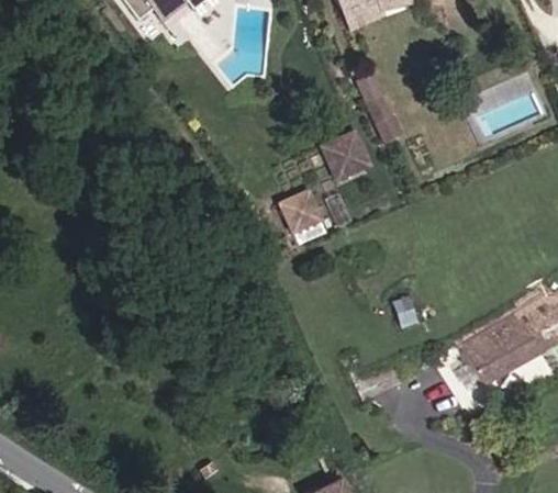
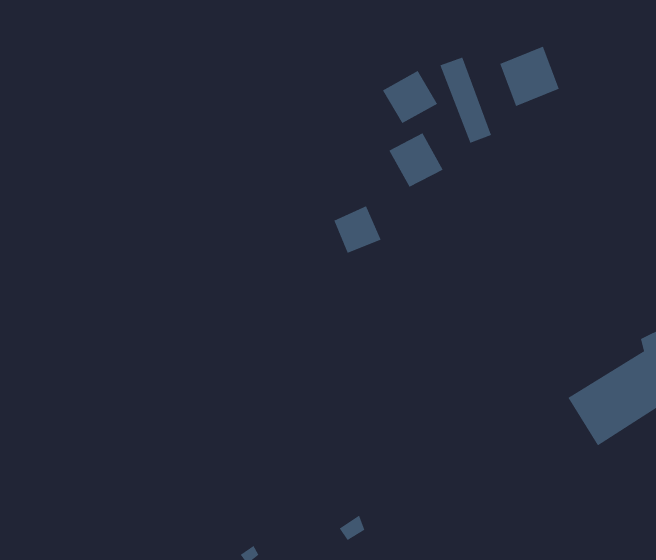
building: none -> [499,46,560,107]
building: none -> [382,70,438,124]

